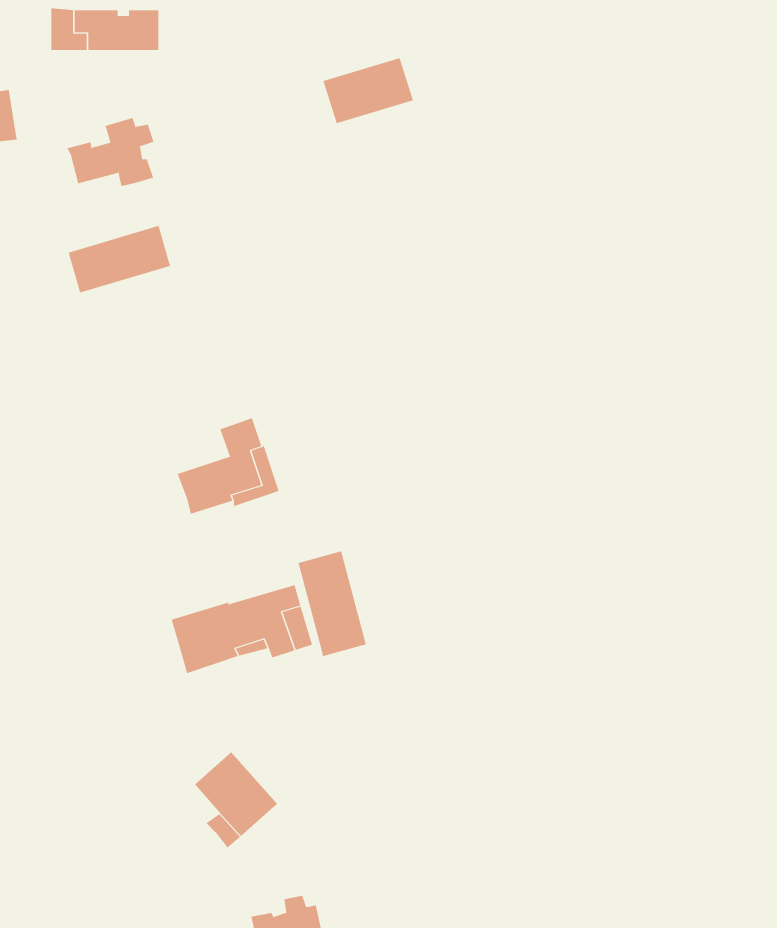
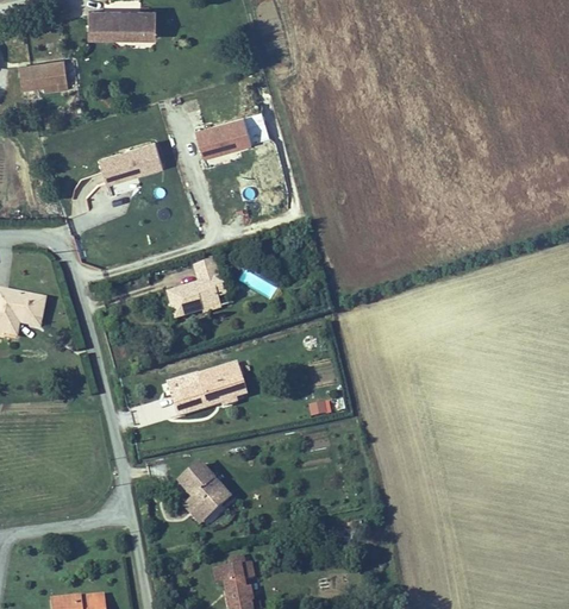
building: [322,58,414,124] -> [196,117,252,157]
building: [66,117,154,187] -> none
building: [298,550,367,657] -> none

